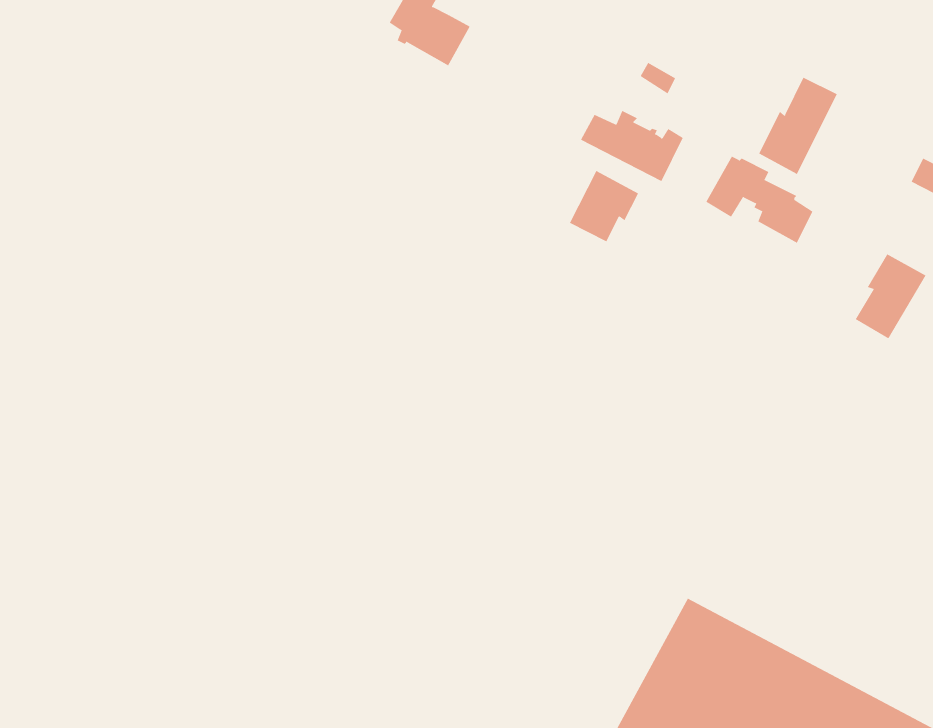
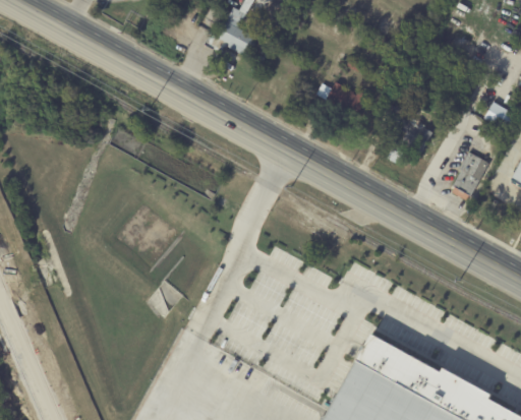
building: [759,77,837,175] -> none
building: [569,170,639,242] -> none

